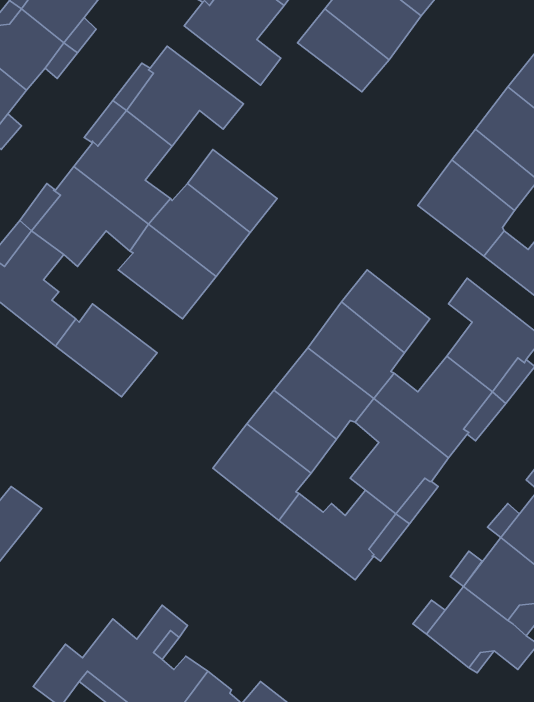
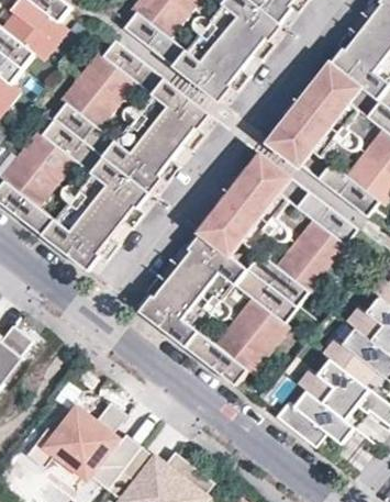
building: none -> [172,37,238,99]
building: none -> [142,77,204,138]
building: none -> [242,156,307,216]
building: none -> [64,185,122,238]

